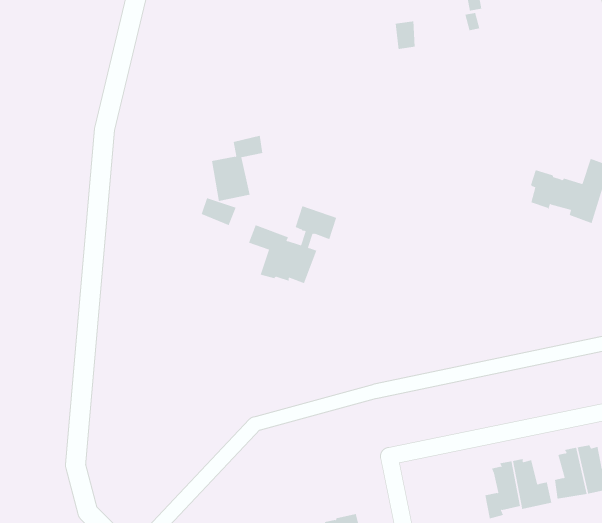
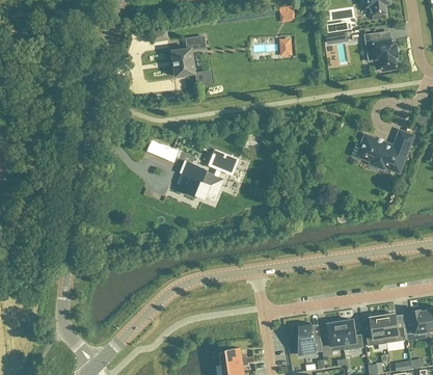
building: none -> [366,33,398,71]
building: [211,135,263,201] -> [172,36,206,77]
building: none -> [299,323,323,353]

